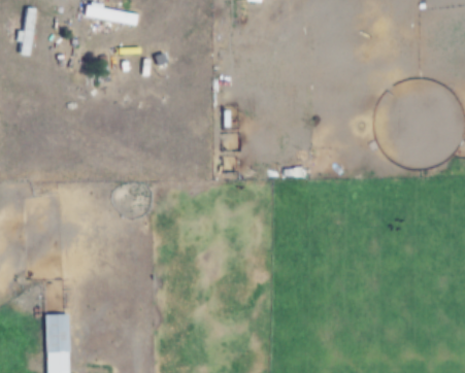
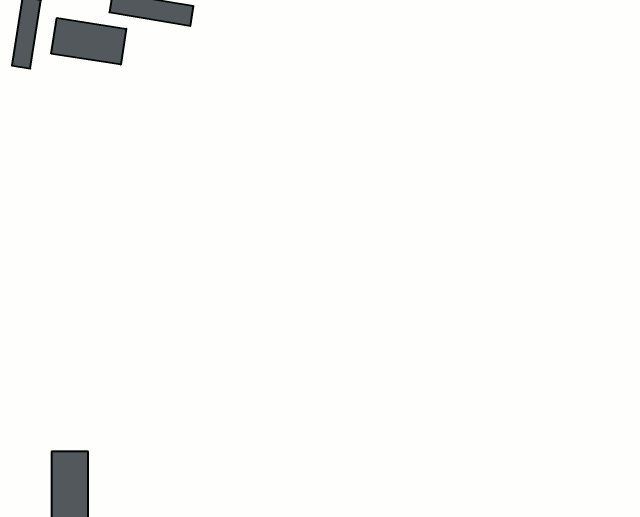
building: none -> [51,18,126,65]

